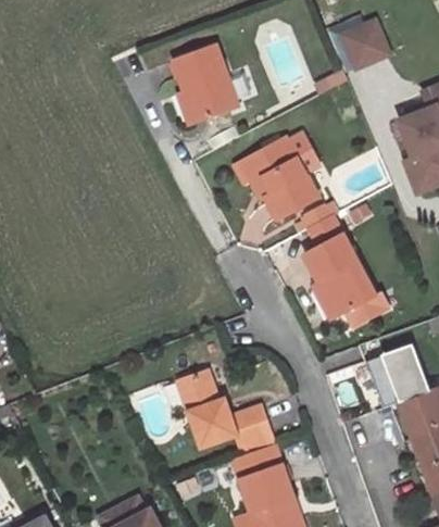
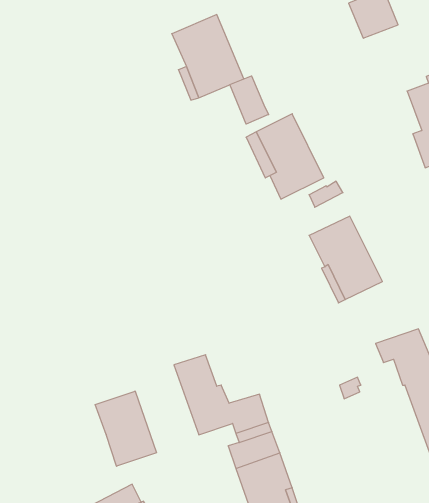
building: none -> [230,76,269,124]
building: none -> [95,391,156,466]

